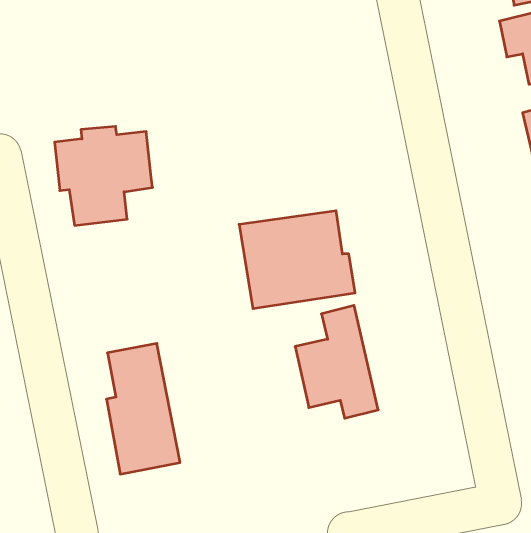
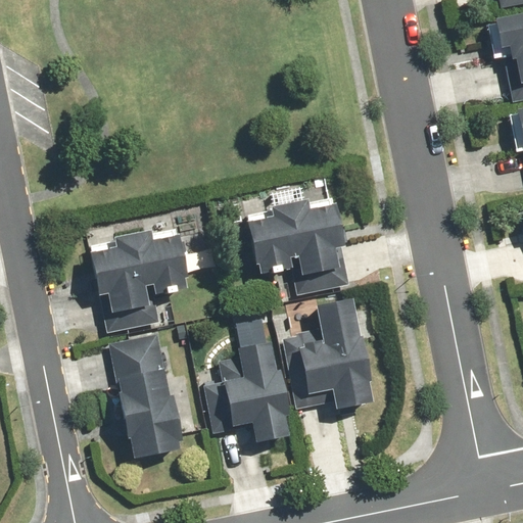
building: [55,126,153,225] -> [91,231,186,327]
building: none -> [220,341,291,442]

